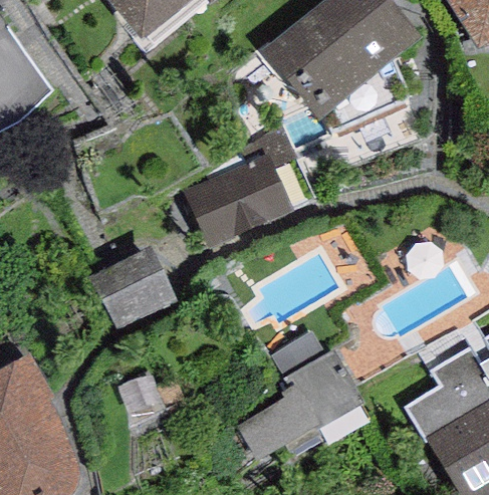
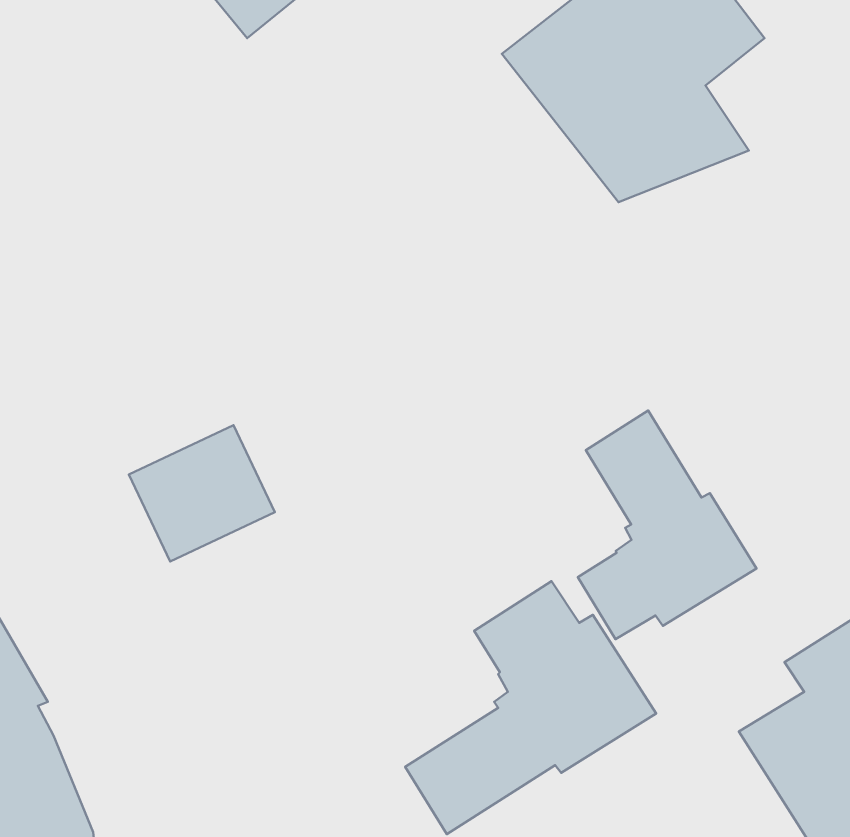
building: [183,153,291,245] -> none
building: none -> [578,411,757,639]

